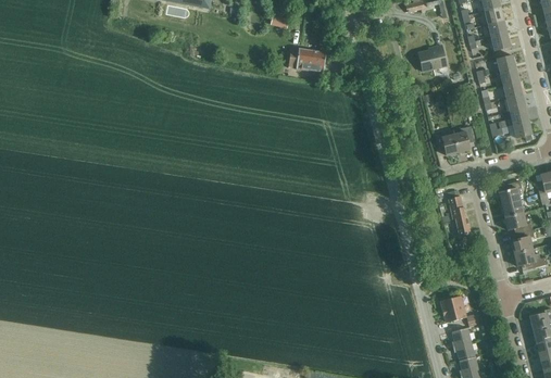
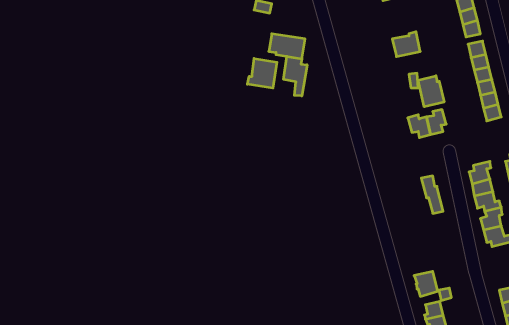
building: none -> [284,56,307,96]
building: none -> [247,58,277,88]
building: none -> [418,76,444,107]

